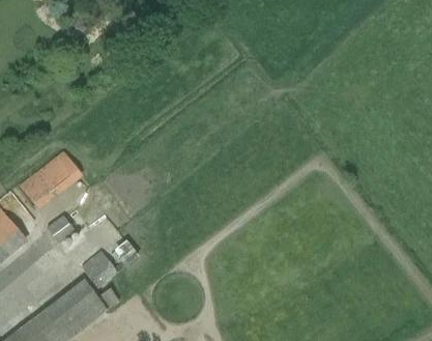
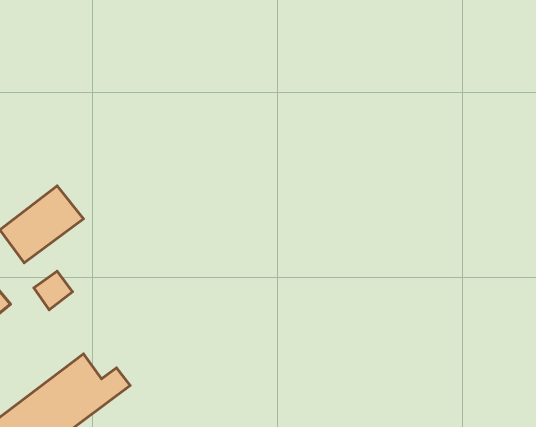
building: [80,252,117,289] -> none

